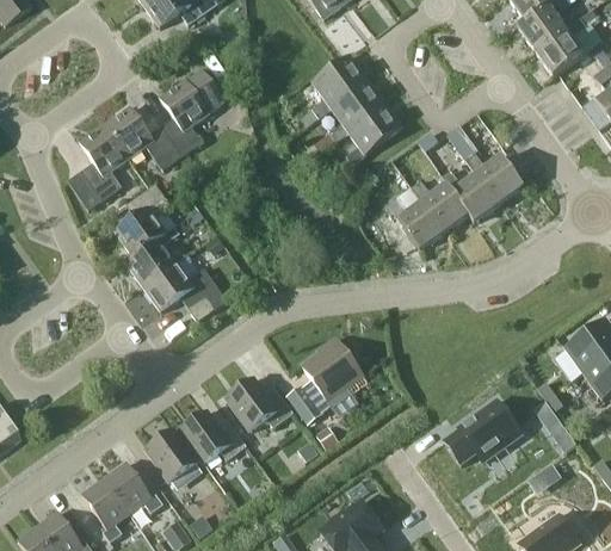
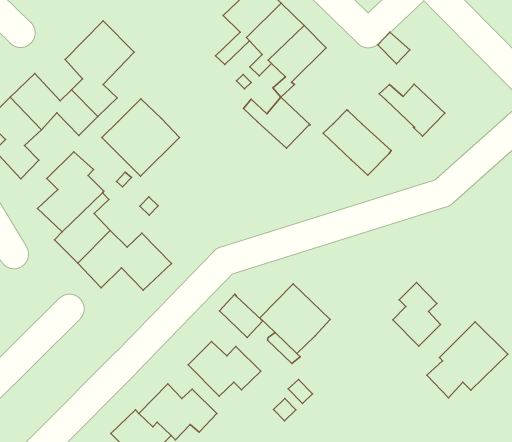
building: none -> [102,99,180,176]
building: [465,153,524,204] -> none
building: [412,180,470,230] -> [244,97,310,148]
building: none -> [393,282,440,346]
building: [285,383,323,425] -> [219,294,263,338]

